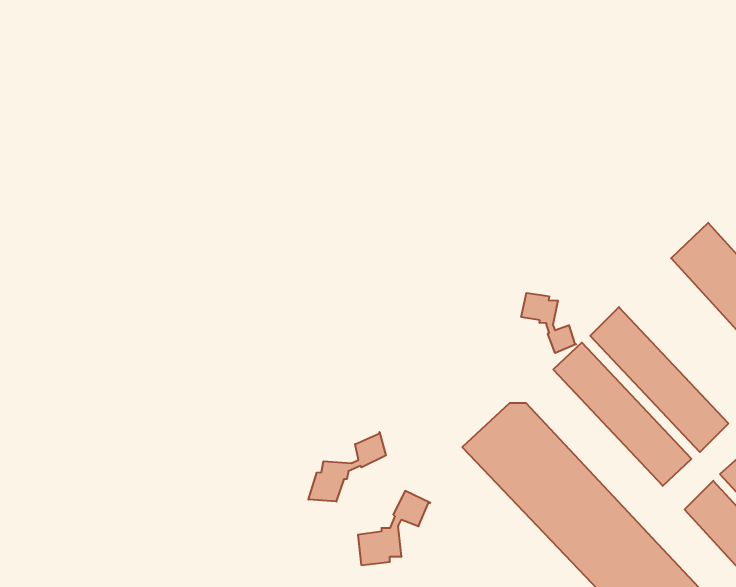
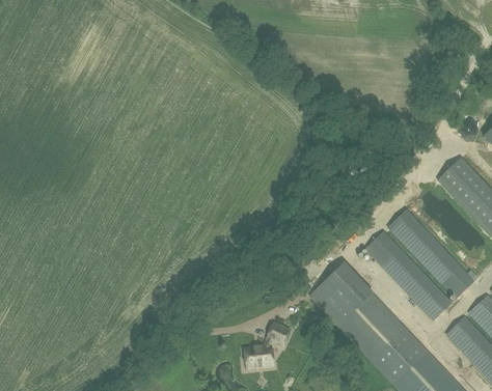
building: [521,293,576,353] -> none
building: [308,432,386,502] -> none

